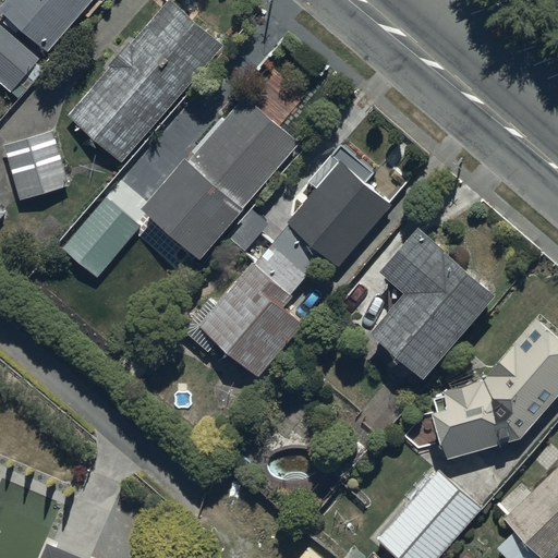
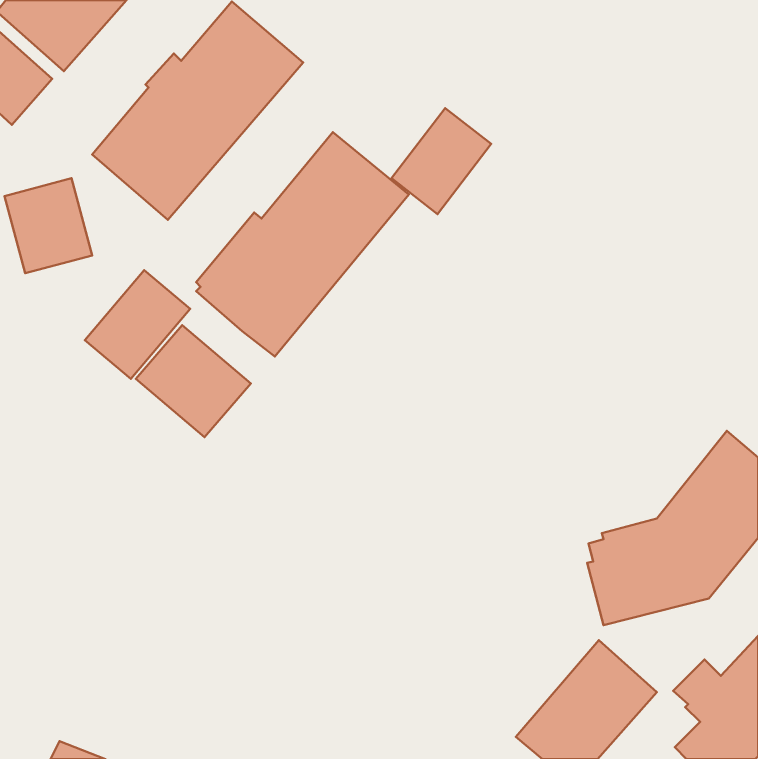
building: none -> [391,108,491,214]
building: [198,158,392,377] -> none
building: [366,229,495,381] -> none
building: none -> [136,325,251,437]

